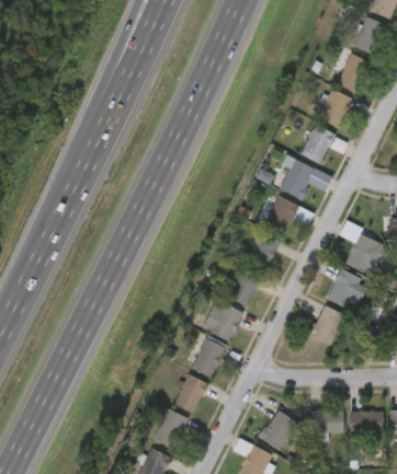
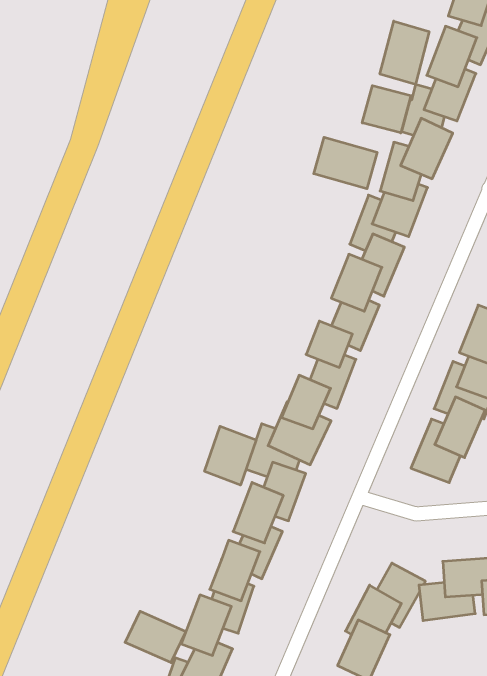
building: none -> [380,21,429,85]
building: none -> [362,86,411,133]
building: none -> [314,137,377,189]
building: none -> [205,426,256,485]
building: none -> [125,611,186,663]

